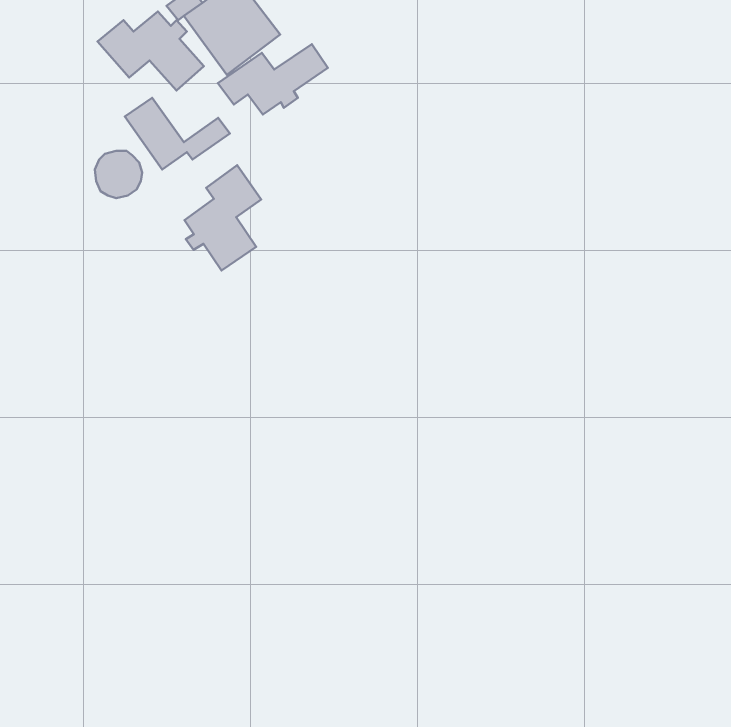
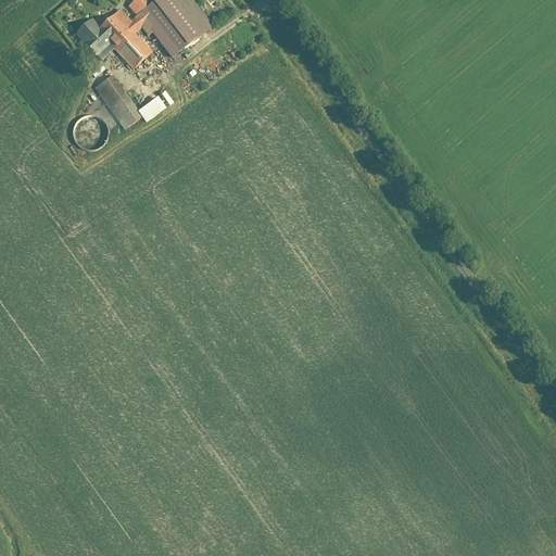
building: [218,44,328,114] -> none
building: [184,165,261,270] -> none

